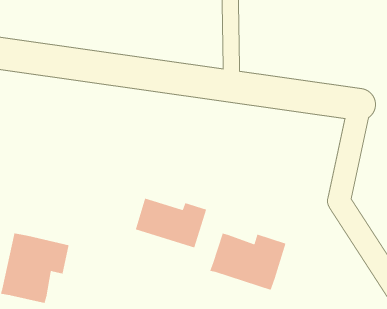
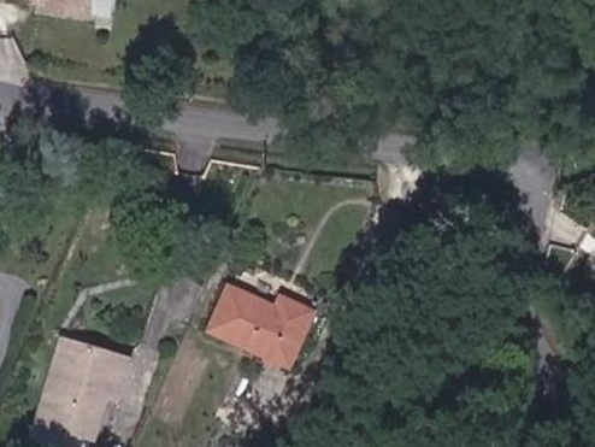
building: [209,233,286,291] -> none

